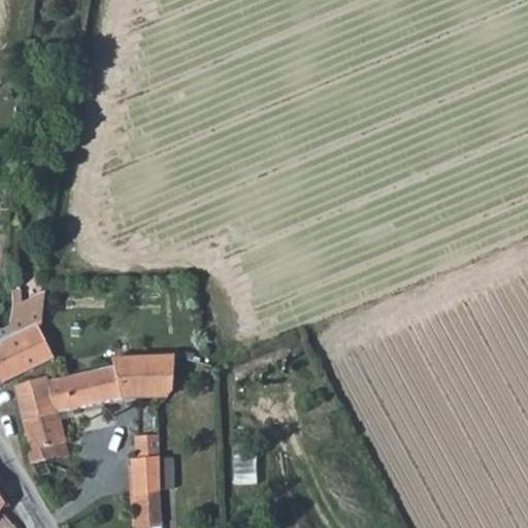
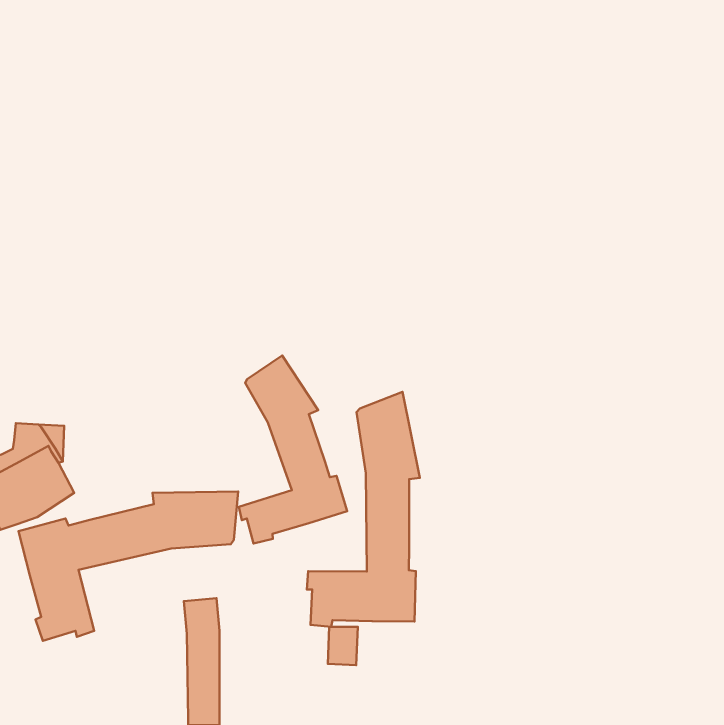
building: none -> [239,356,347,544]
building: none -> [307,392,420,627]

